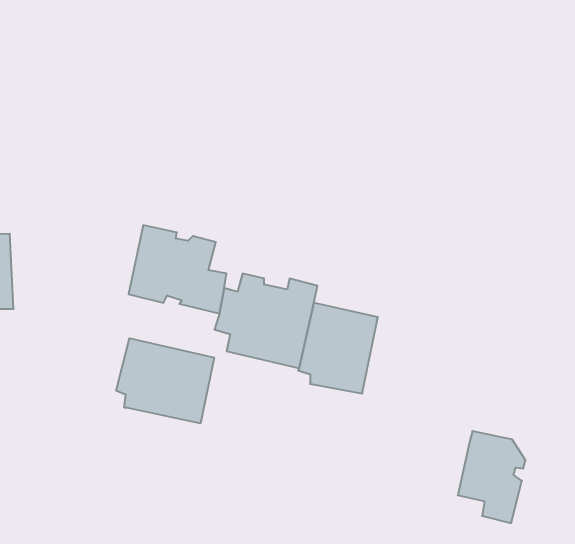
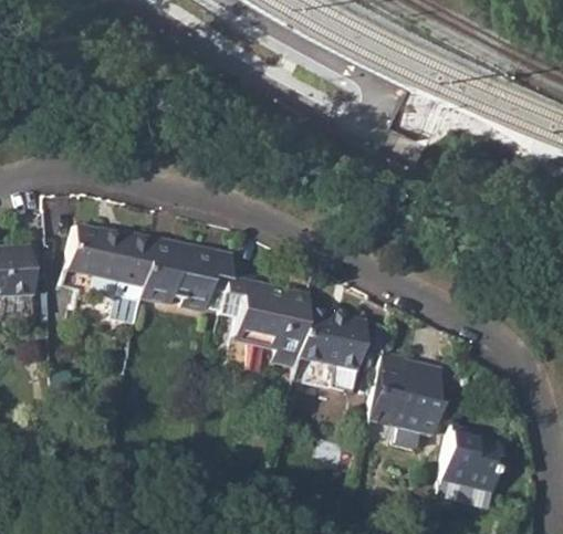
building: none -> [64,224,154,297]
building: [116,338,214,423] -> none
building: none -> [365,346,446,450]

